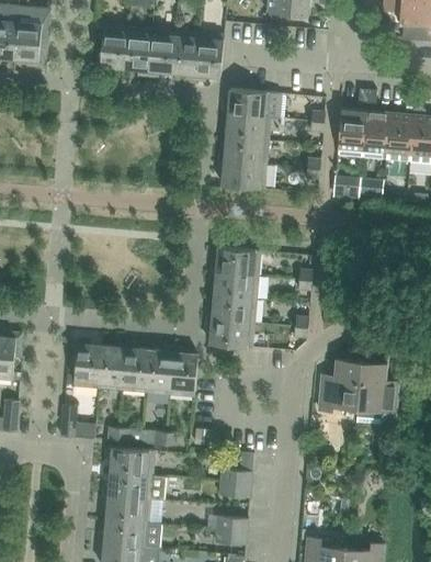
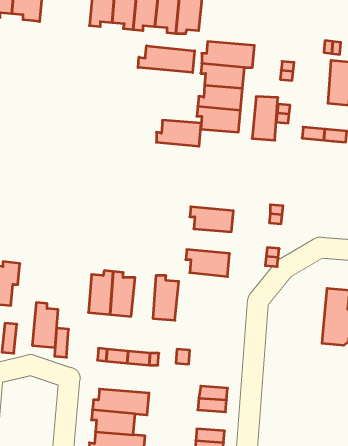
building: none -> [138,46,195,73]
building: [338,109,366,157] -> [252,97,278,140]
building: [212,247,261,276] -> [156,120,201,146]
building: [207,295,257,323] -> none
building: [73,338,102,387] -> [32,303,58,347]
building: [146,346,173,394] -> none
building: [319,359,362,411] -> none
building: [106,447,155,475] -> none

